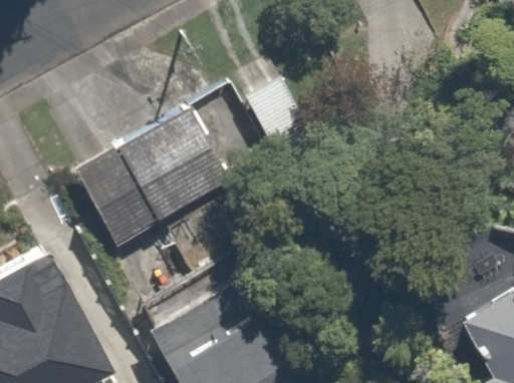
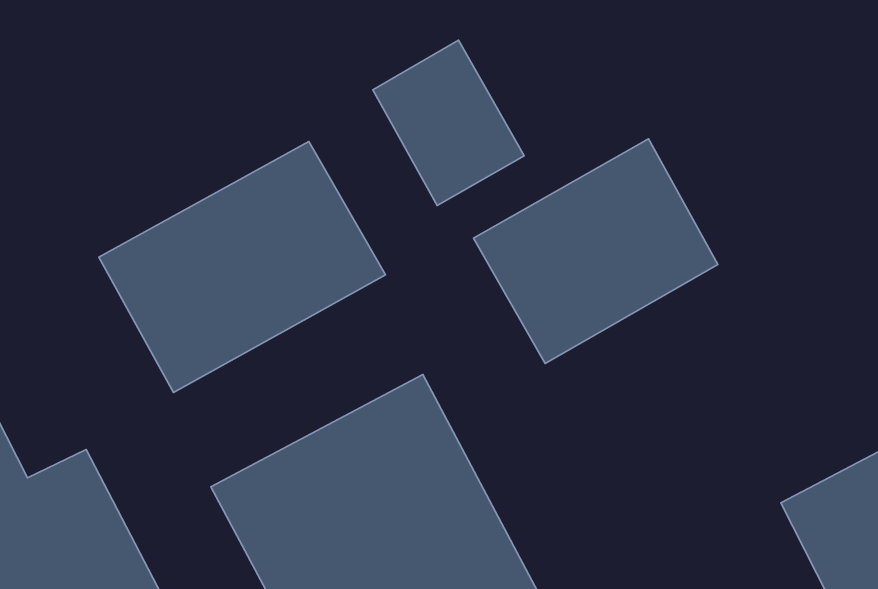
building: none -> [474,139,718,363]

